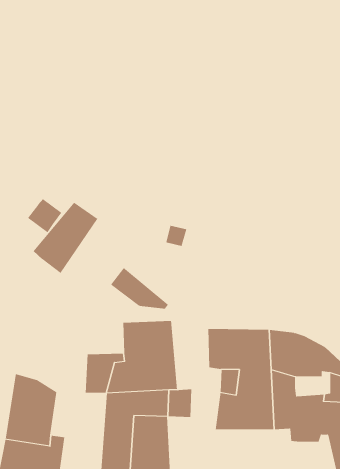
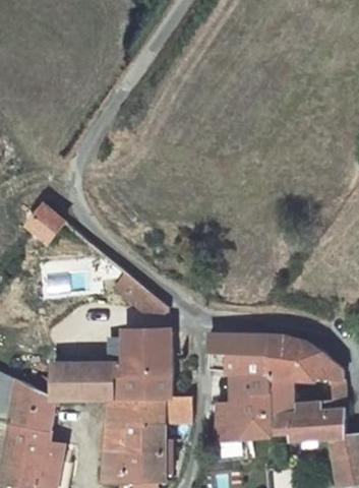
building: [33,202,98,274] -> none
building: none -> [39,361,87,400]

